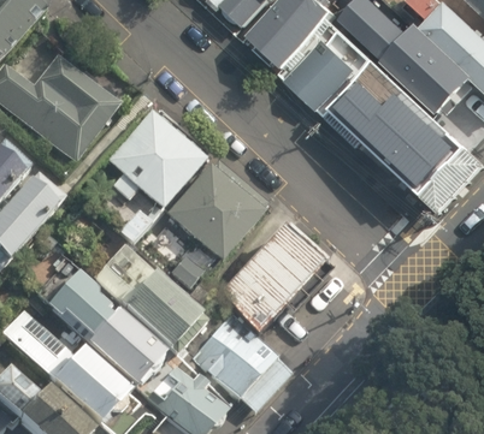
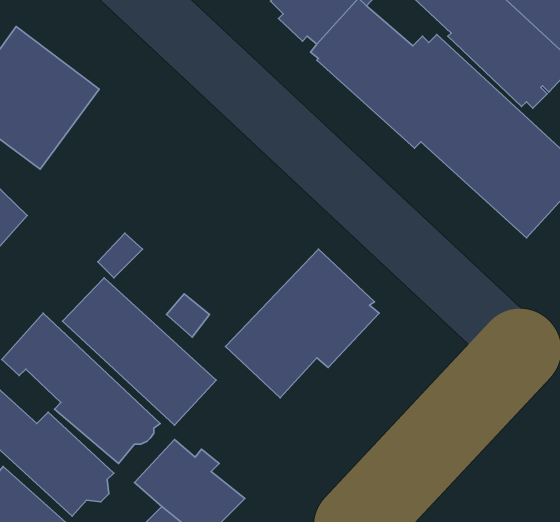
building: [106,109,205,209] -> none
building: [164,160,267,261] -> none
building: [191,314,278,399] -> none

